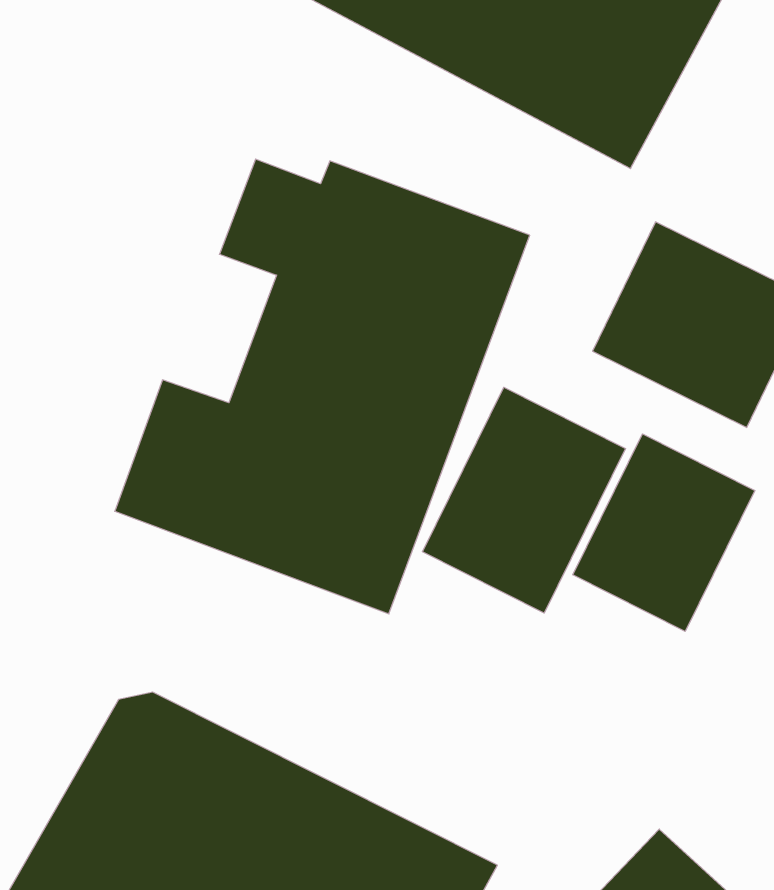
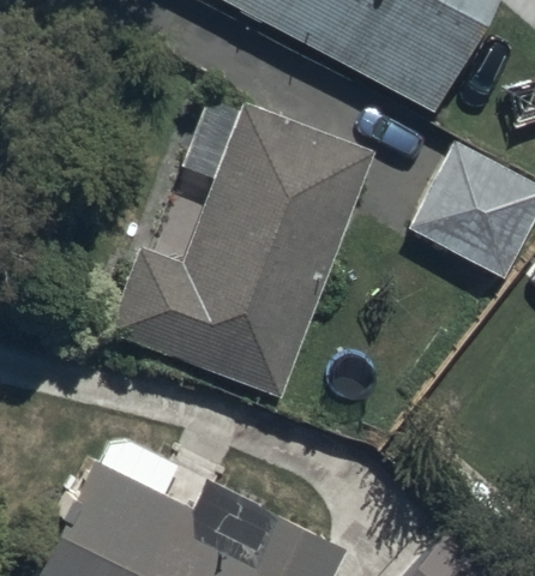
building: [423,387,626,613] -> none
building: [573,434,755,631] -> none

